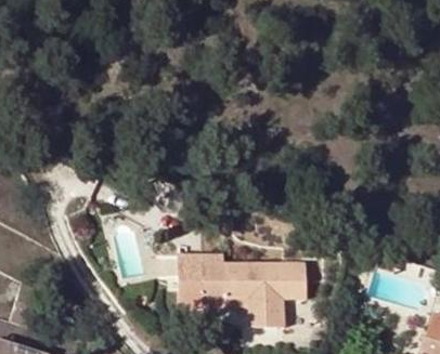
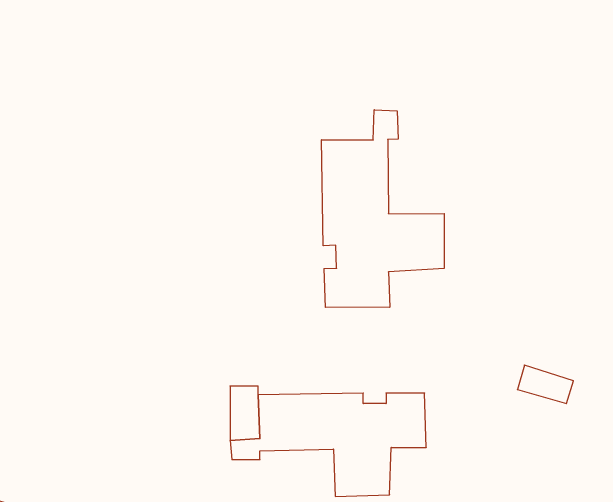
building: none -> [322,110,444,307]

